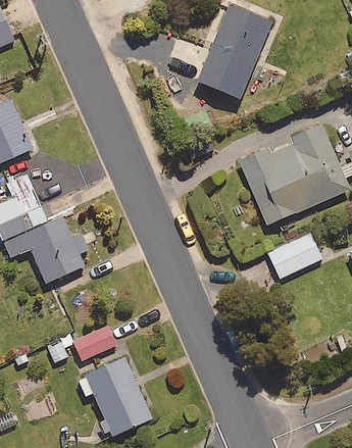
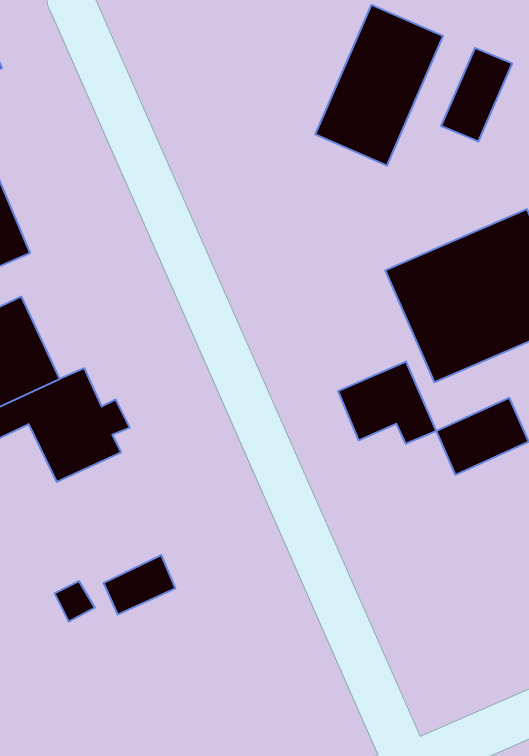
building: none -> [441,48,512,142]
building: none -> [338,361,436,444]
building: [77,356,151,436] -> none

